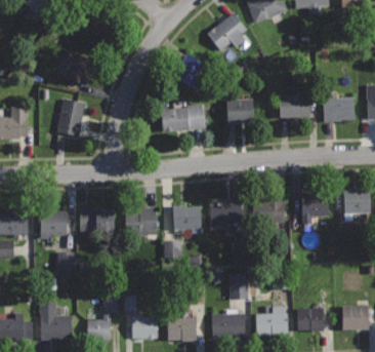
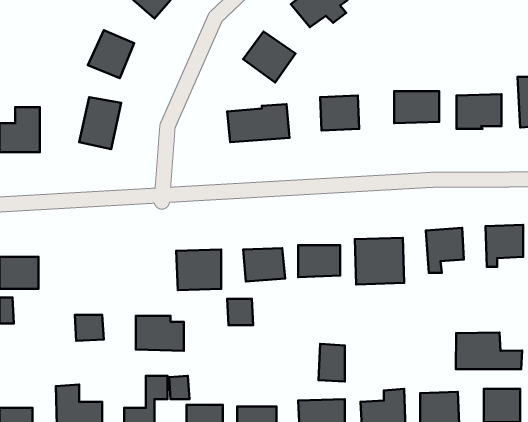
building: [80,207,114,232] -> [136,316,184,351]
building: [40,210,67,239] -> none
building: none -> [456,332,522,369]

